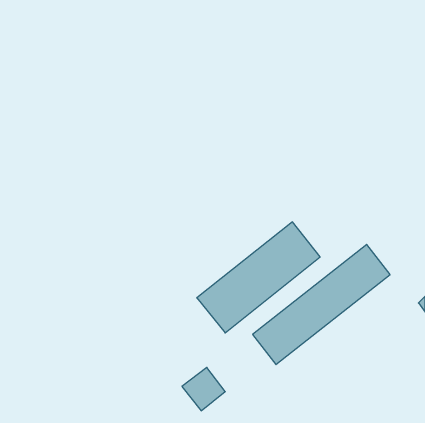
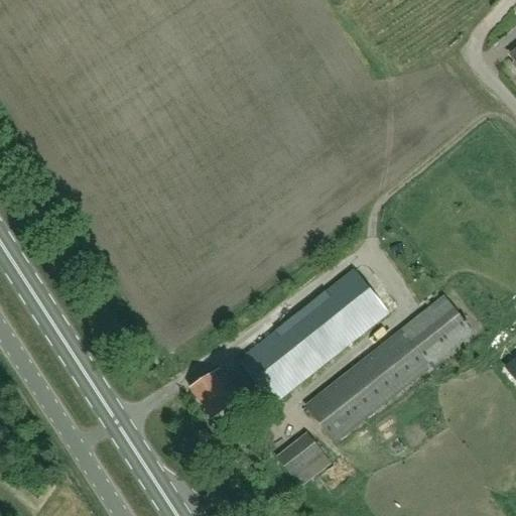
building: none -> [190,367,240,417]
building: [182,367,225,411] -> [276,431,329,484]

